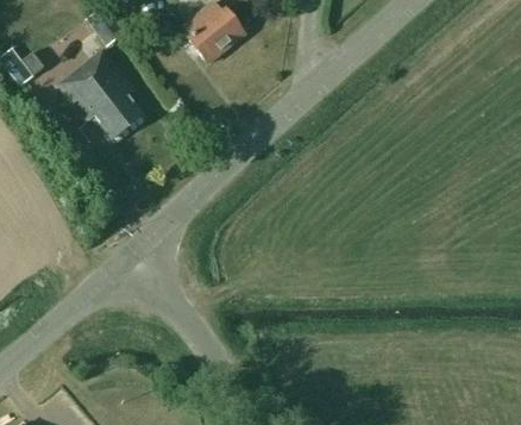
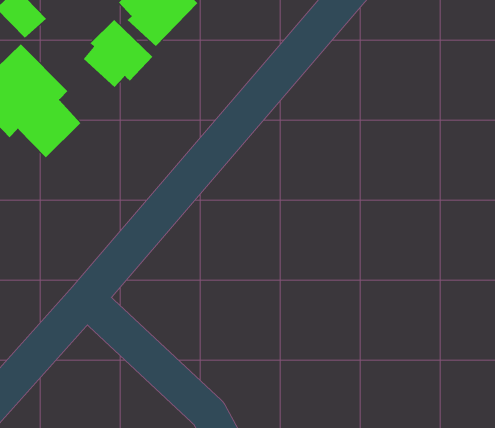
building: none -> [83,19,153,88]

